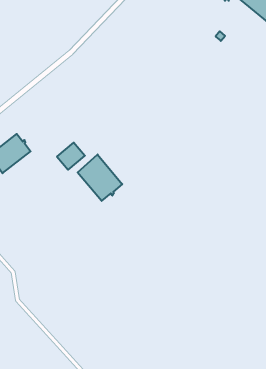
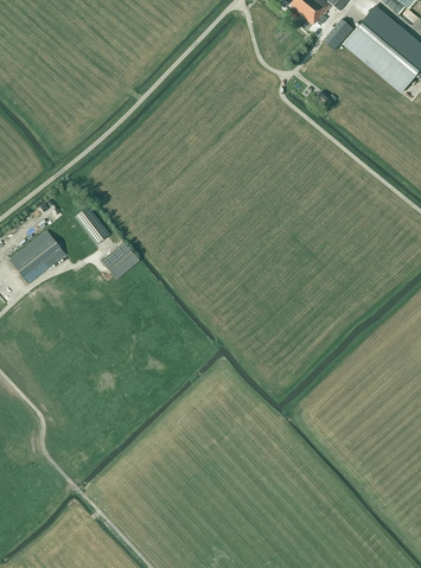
building: none -> [75,205,109,244]
building: [78,154,122,201] -> none

